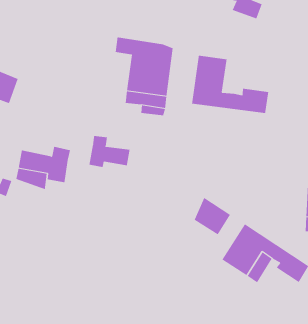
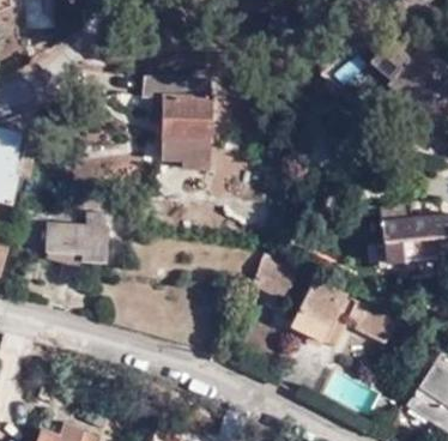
building: [191,55,269,114] -> none
building: [89,135,130,168] -> none

